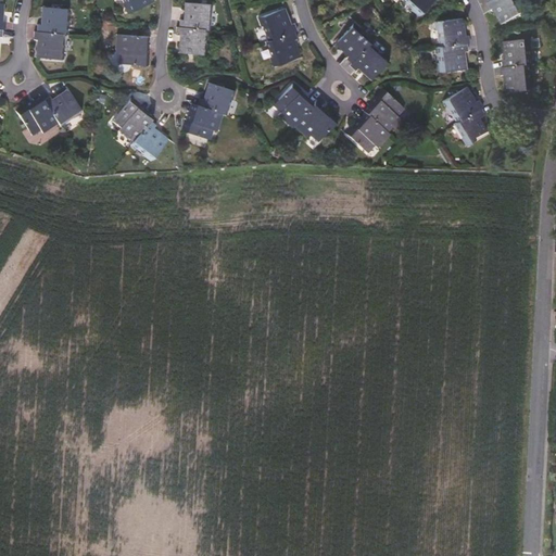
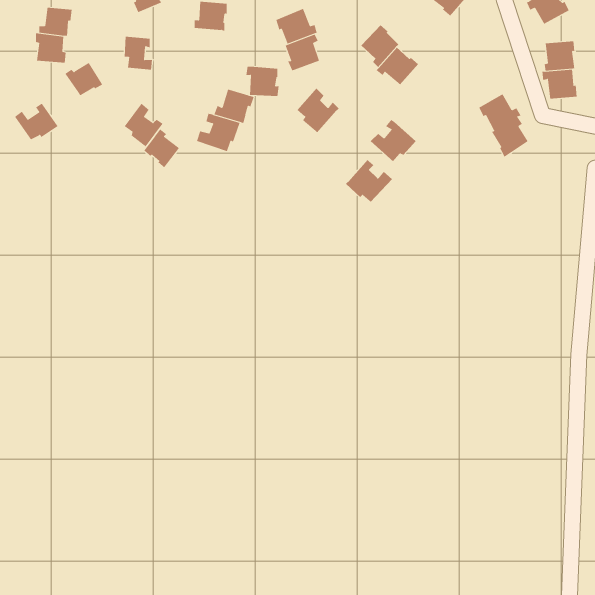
building: [437,17,471,72] -> none
building: [176,26,207,54] -> [246,66,279,96]
building: [42,89,78,121] -> [65,62,103,96]
building: [367,90,407,134] -> none
building: [293,103,338,143] -> [345,159,393,202]

